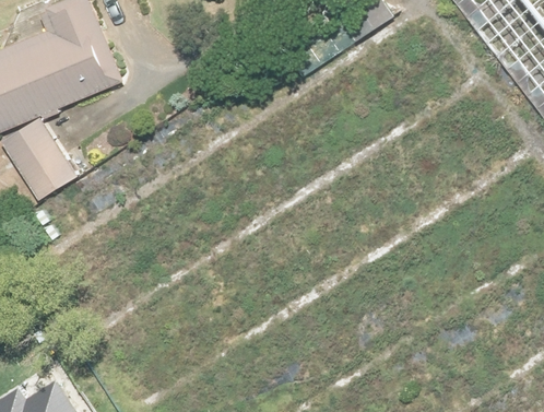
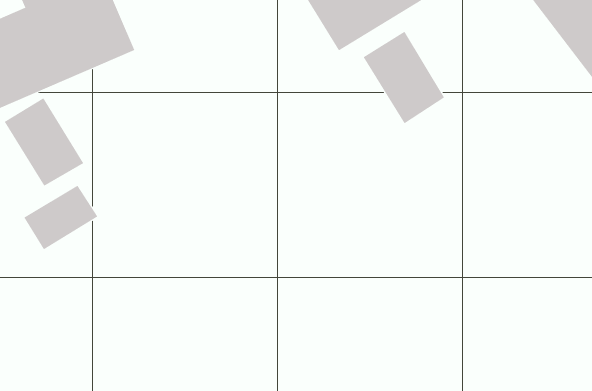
building: none -> [363,31,445,124]
building: none -> [23,185,98,250]

